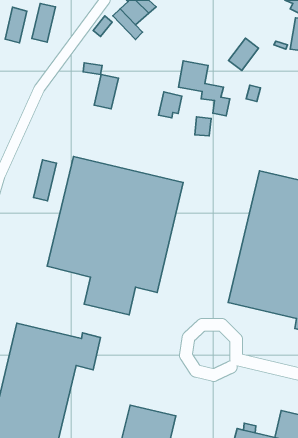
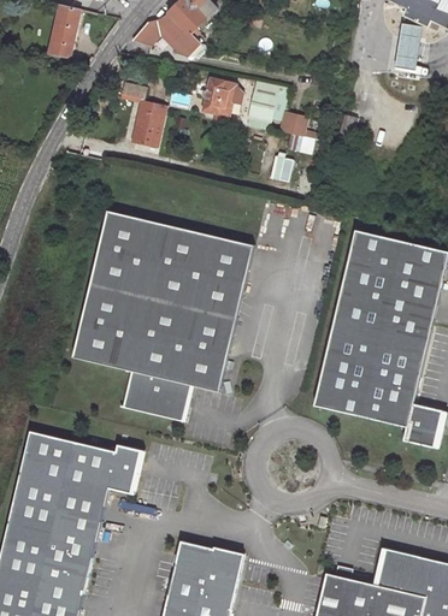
building: [5,7,27,43] -> none
building: [229,38,259,70] -> none
building: [158,92,182,118] -> [205,77,236,112]
building: [34,160,56,201] -> none

